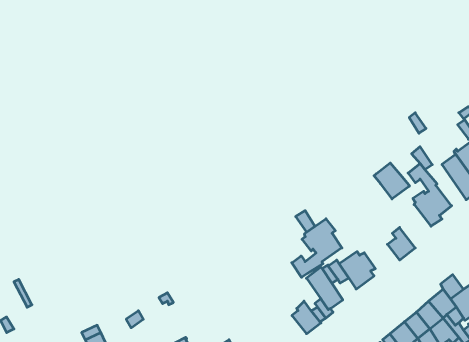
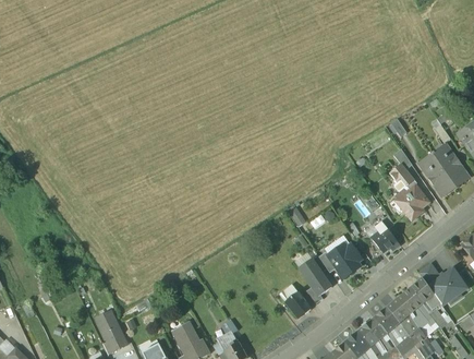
building: [374,163,409,199] -> none
building: [292,219,342,277] -> none

